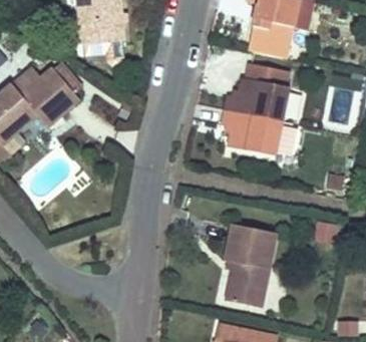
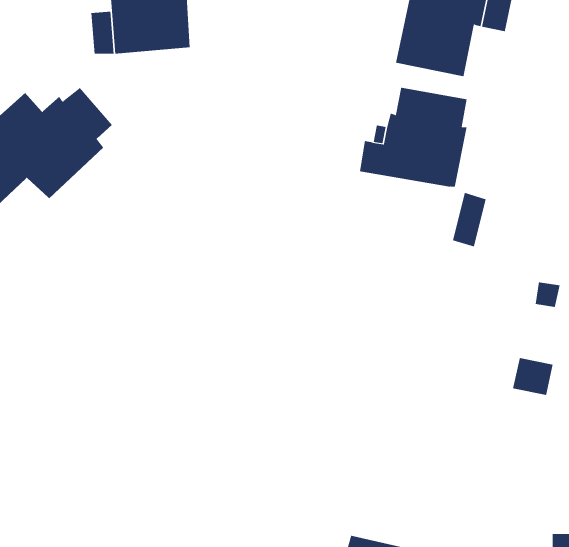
building: [222,110,281,155] -> none
building: [222,226,273,311] -> none

